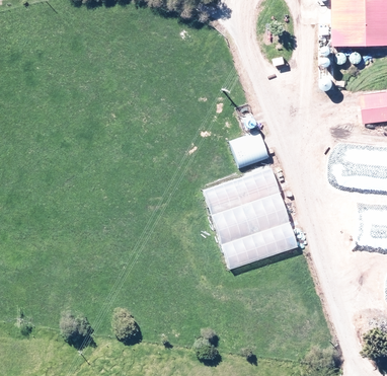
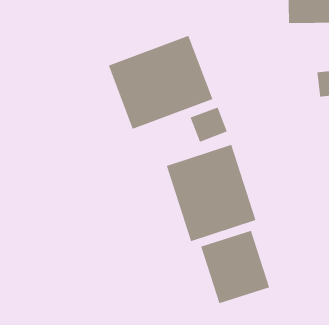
building: none -> [108,35,214,130]
building: none -> [200,230,270,304]

